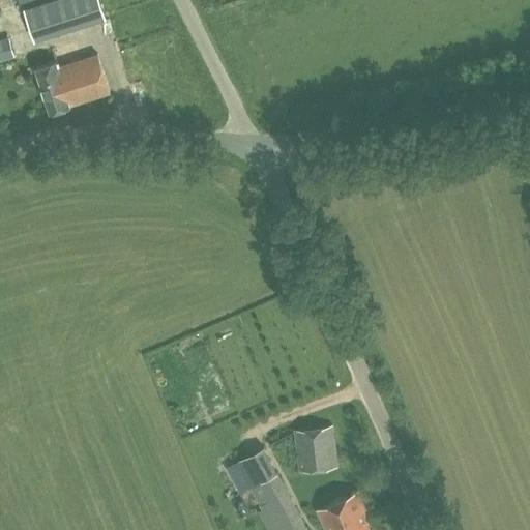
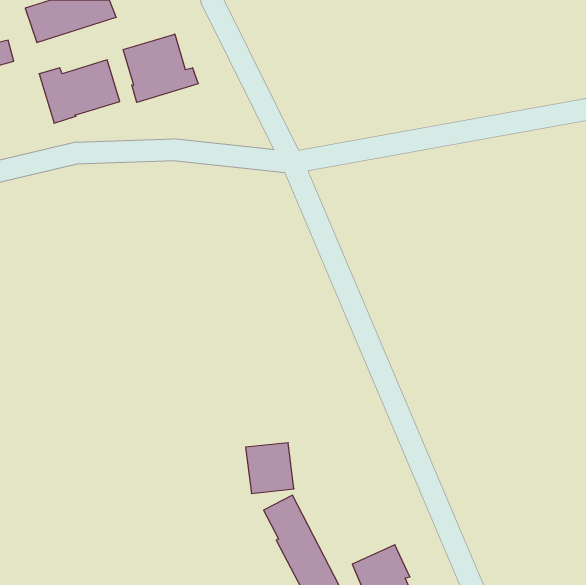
building: none -> [123,34,198,102]
building: [293,428,336,473] -> [246,443,294,493]

